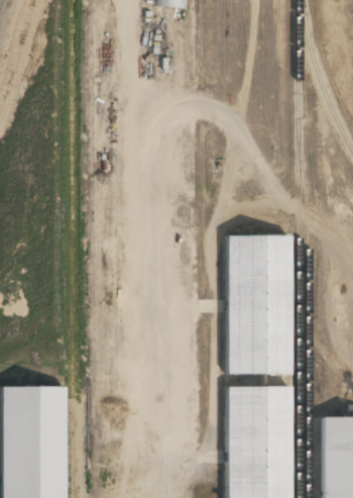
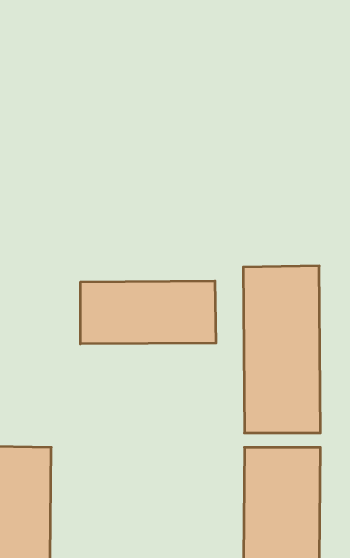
building: none -> [80,281,216,344]

